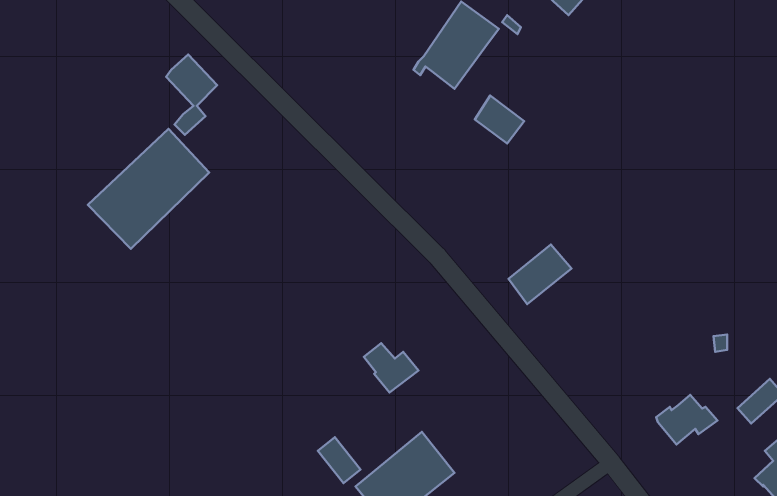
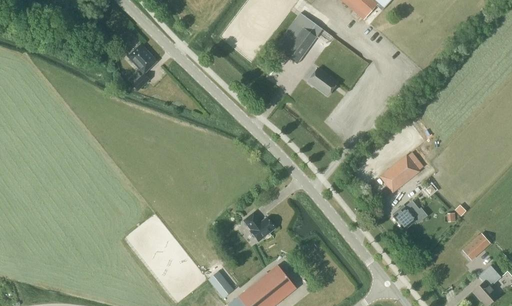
building: [88,129,209,249] -> none
building: [508,245,571,304] -> [381,156,418,191]
building: [656,395,717,444] -> [392,200,428,229]

